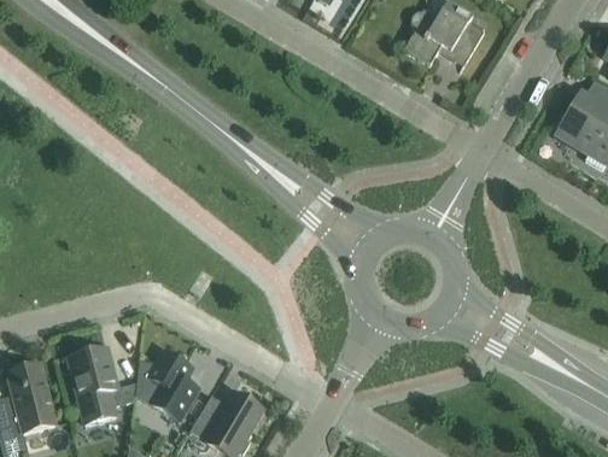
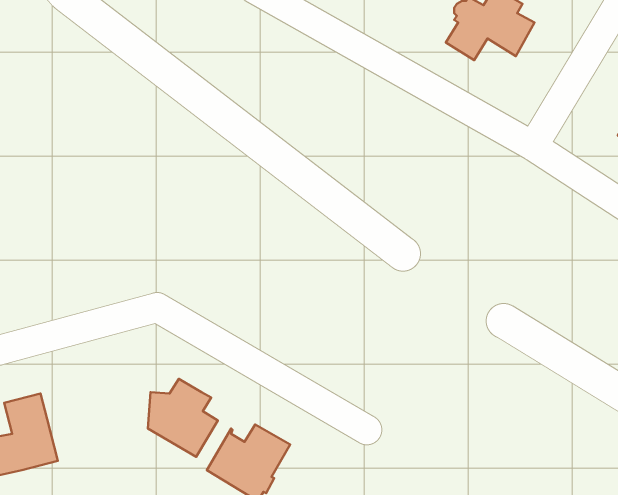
building: [68,344,135,422] -> none

